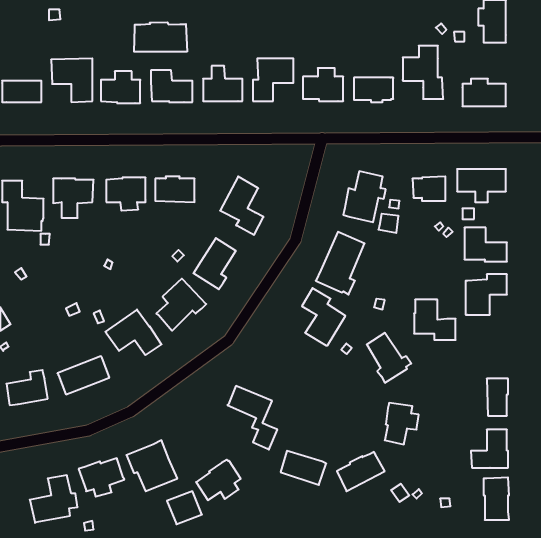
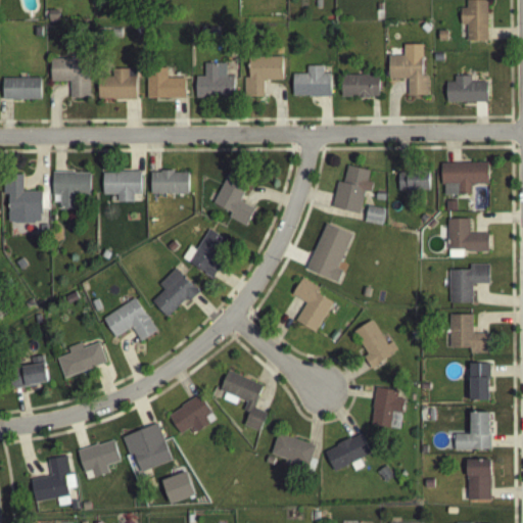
building: [134,22,187,52] -> none
building: [414,300,456,340] -> [450,315,490,353]
building: [196,460,241,500] -> [170,394,212,433]

